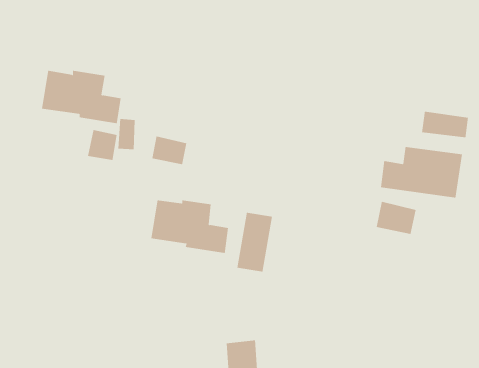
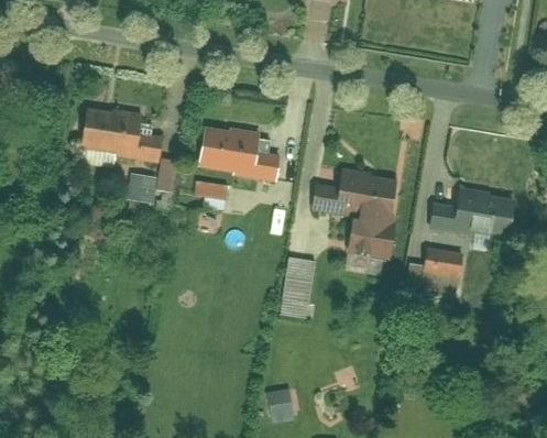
building: [421,111,469,138] -> none
building: none -> [313,177,397,263]
building: [150,200,229,254] -> [198,127,278,182]

